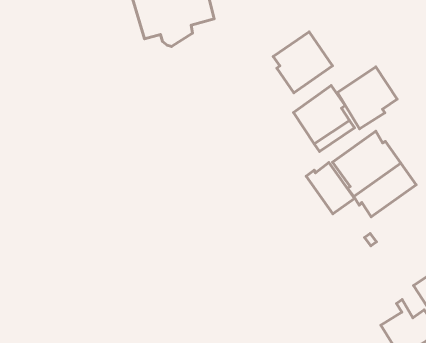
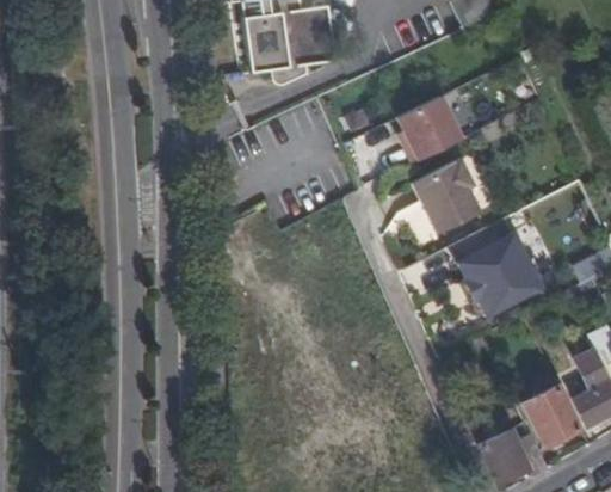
building: [337,67,397,129] -> none
building: [306,163,354,214] -> none

